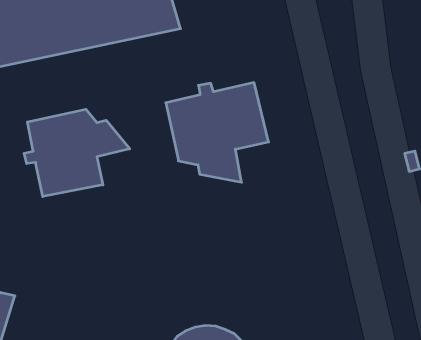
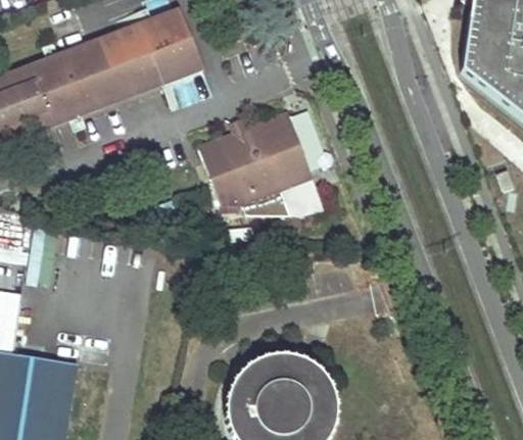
building: [24,109,130,197] -> none
building: none -> [278,172,322,218]

